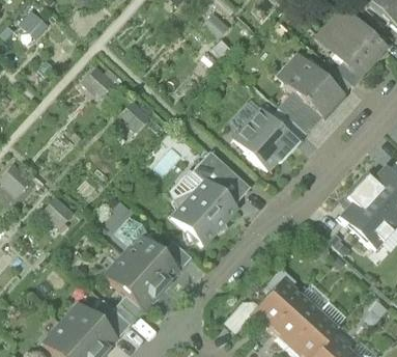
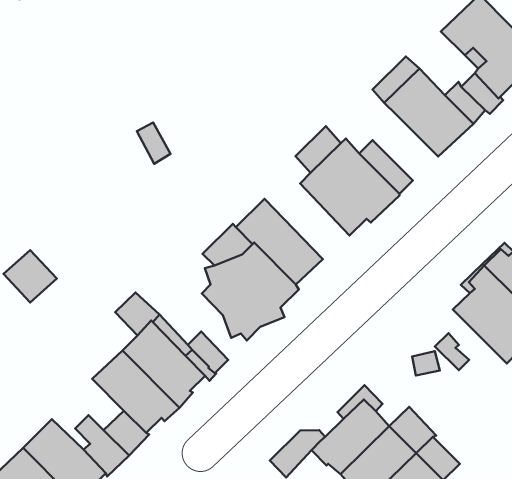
building: [85,65,118,100] -> none
building: [277,91,321,135] -> none

